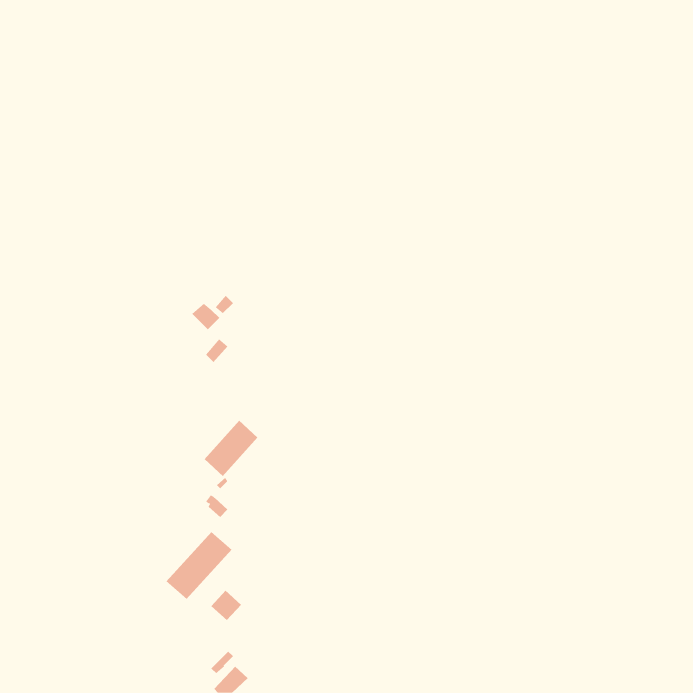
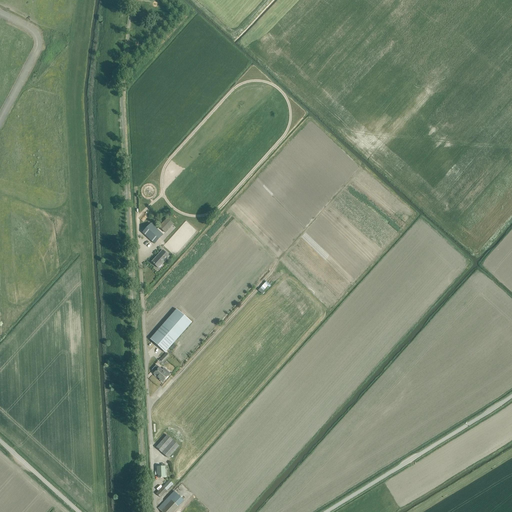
building: [166,531,232,600] -> none

